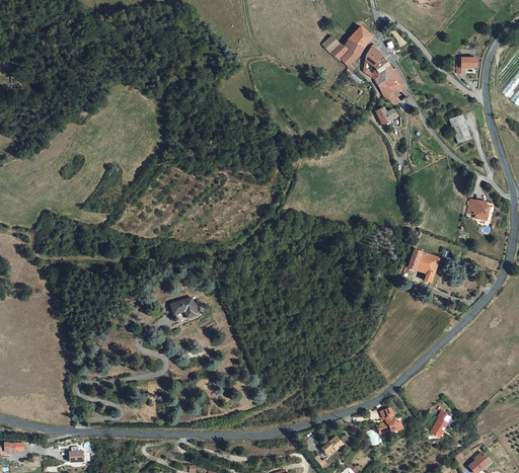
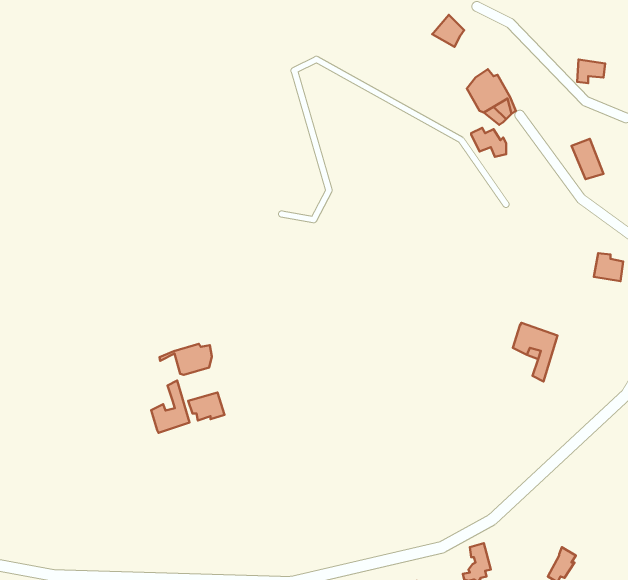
building: [323,36,364,71] -> none
building: [364,46,388,78] -> none
building: none -> [160,344,212,375]
building: none -> [151,381,189,433]

